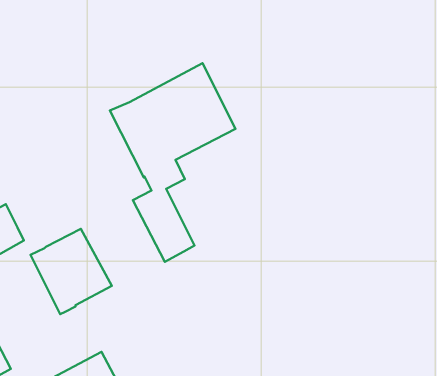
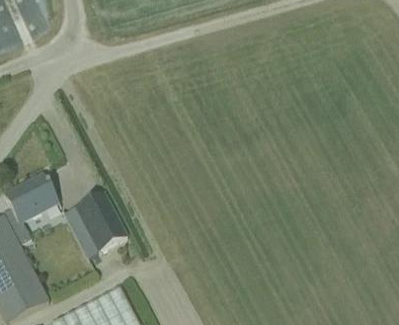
building: [110,63,235,262] -> none

